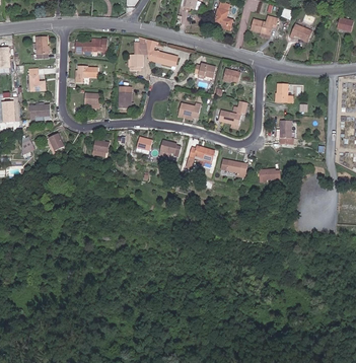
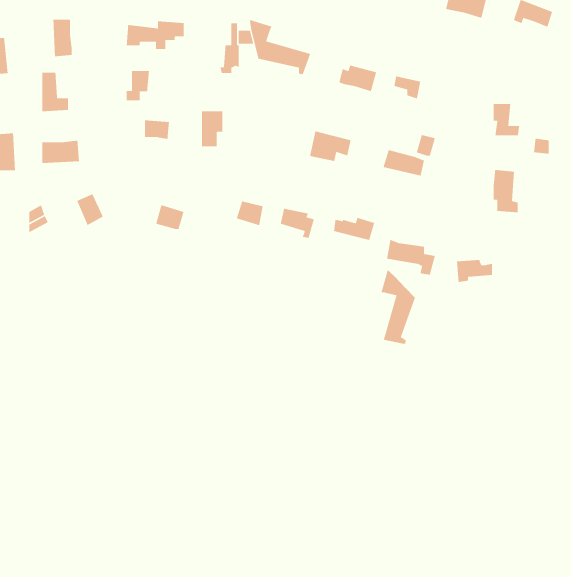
building: none -> [381,269,416,345]

